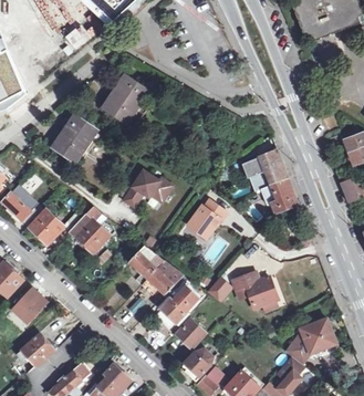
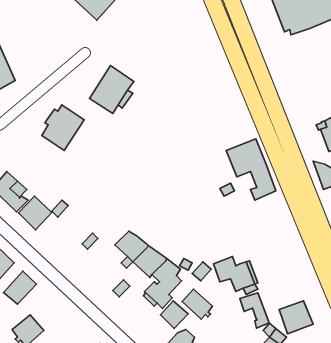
building: [123,170,171,206] -> none
building: [187,200,227,239] -> none
building: [69,207,110,253] -> none
building: none -> [182,289,212,319]
building: none -> [240,293,269,328]

